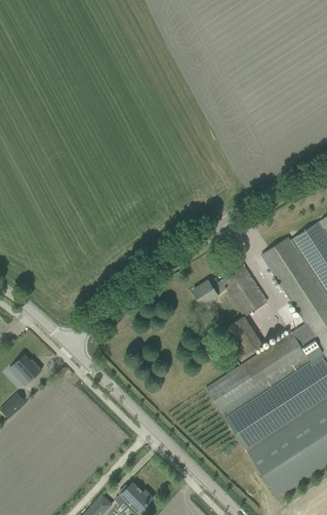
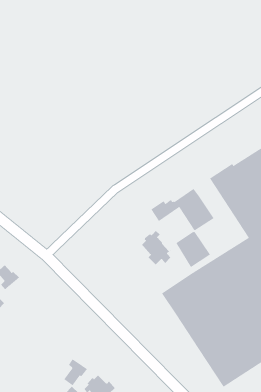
building: none -> [141,230,171,266]
building: none -> [64,359,88,386]

